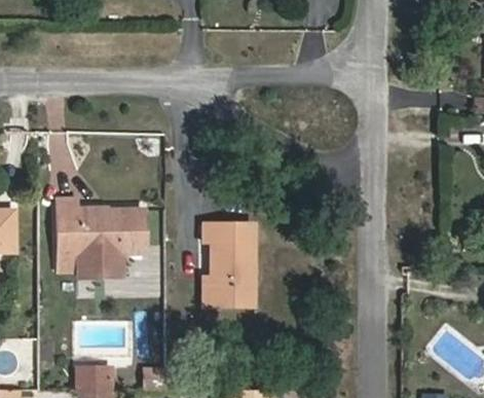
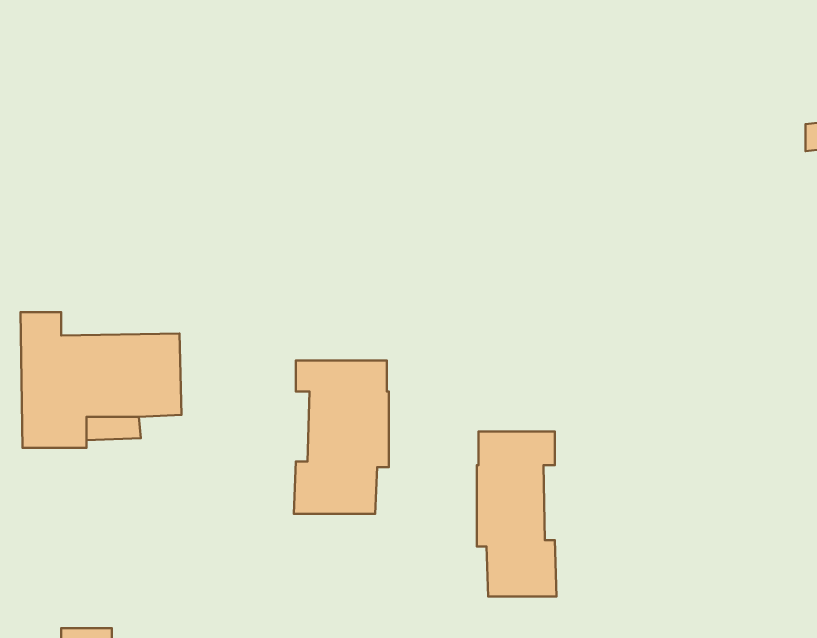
building: none -> [477,432,556,597]

